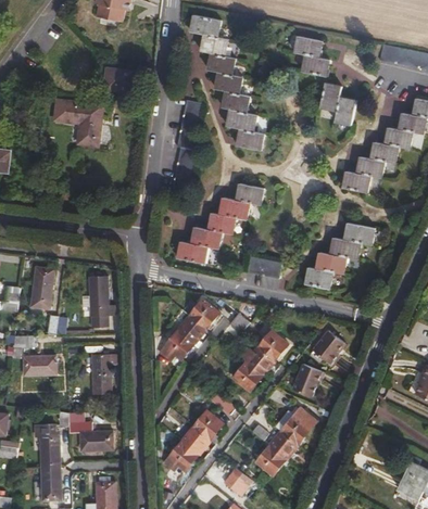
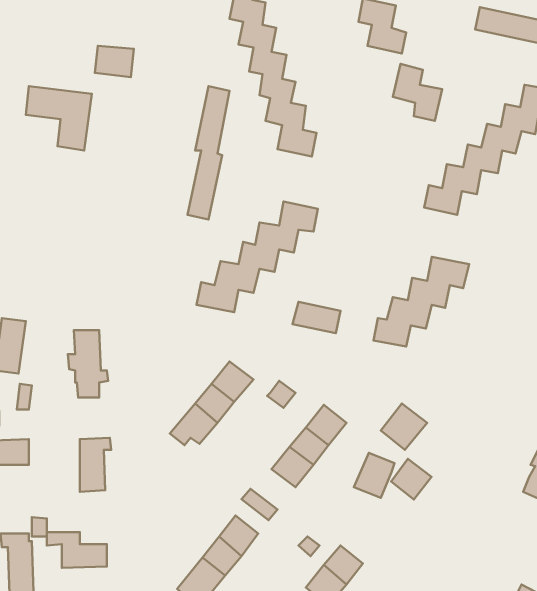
building: [281,417,311,446] -> [391,459,432,499]

